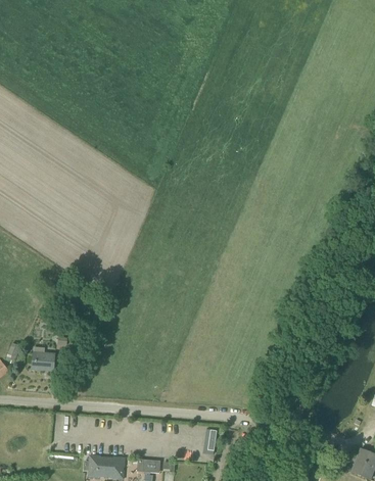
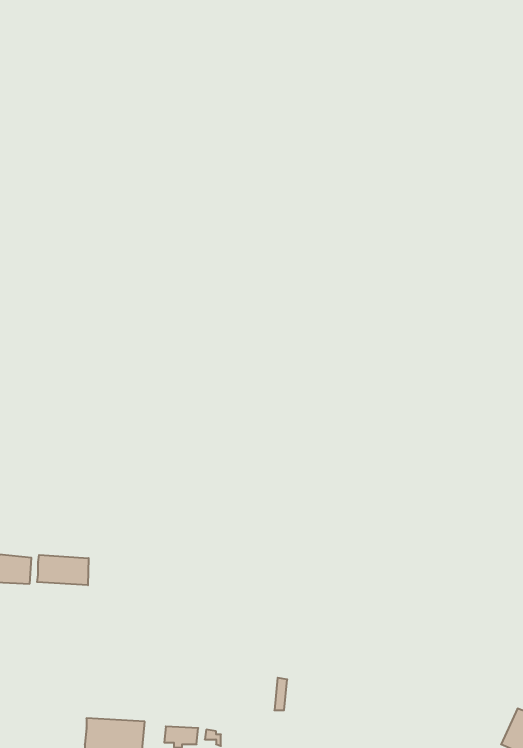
building: none -> [37,555,89,585]

